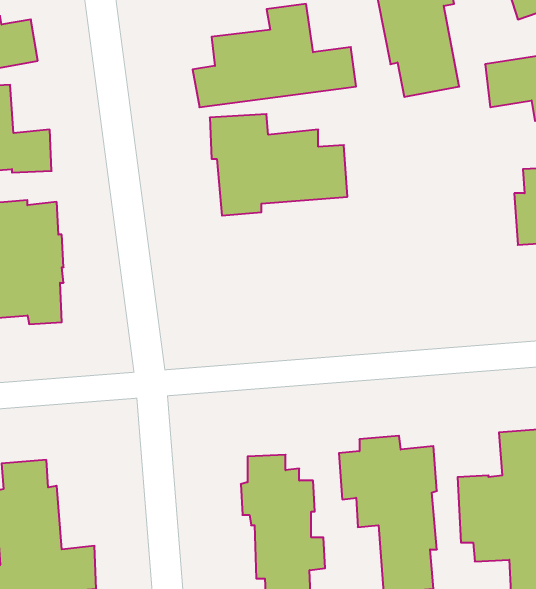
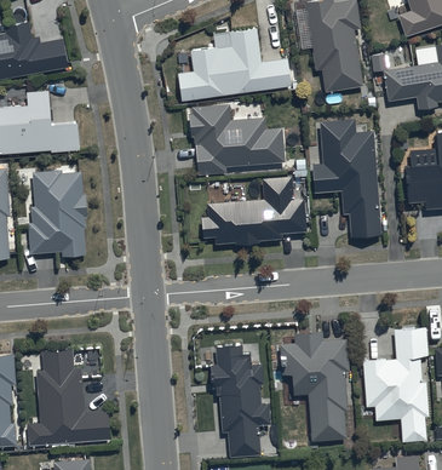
building: none -> [311,120,381,237]
building: none -> [200,172,306,241]

